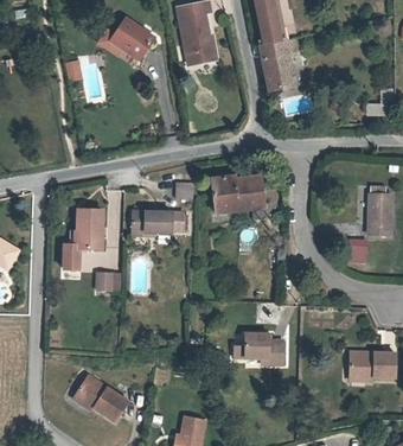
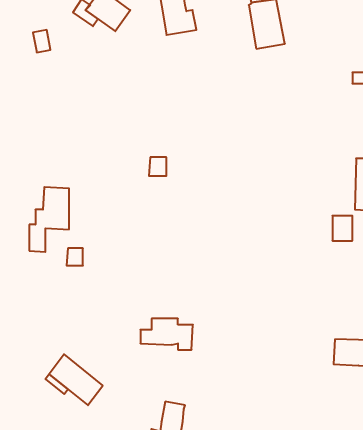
building: [211,179,264,216] -> none
building: [130,212,181,237] -> none
building: [231,334,281,364] -> [140,319,193,350]

